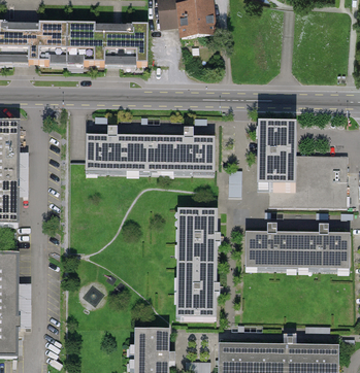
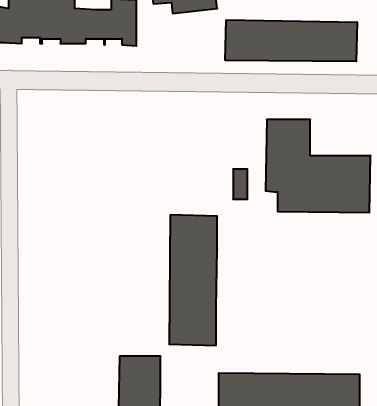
building: none -> [225,20,357,61]
building: [84,135,215,172] -> none
building: [243,224,349,270] -> none

